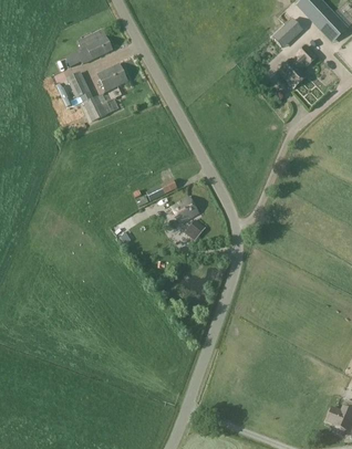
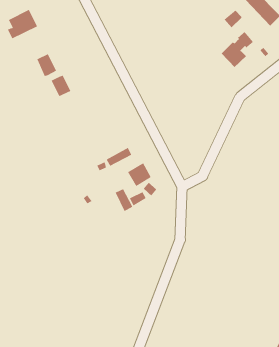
building: [77,29,113,63] -> [7,9,38,39]
building: [99,63,128,91] -> none

